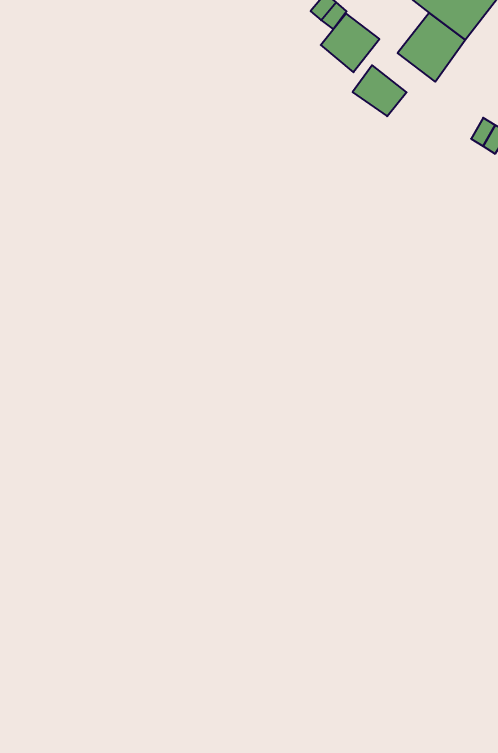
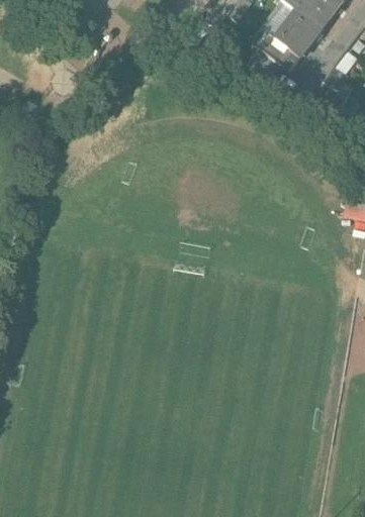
building: [321,14,379,72] -> none

